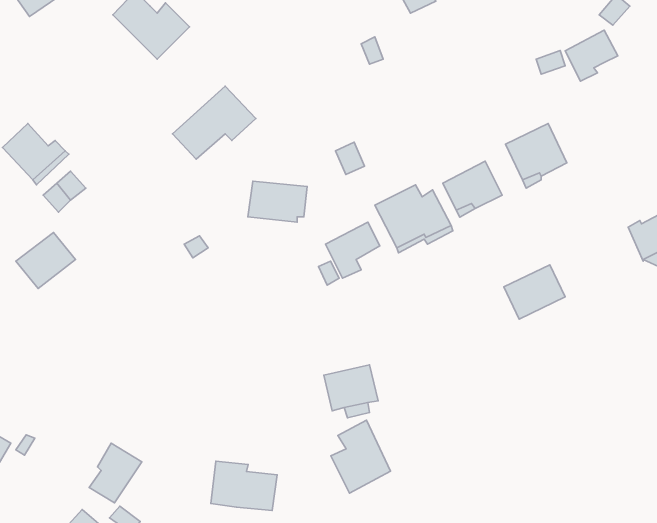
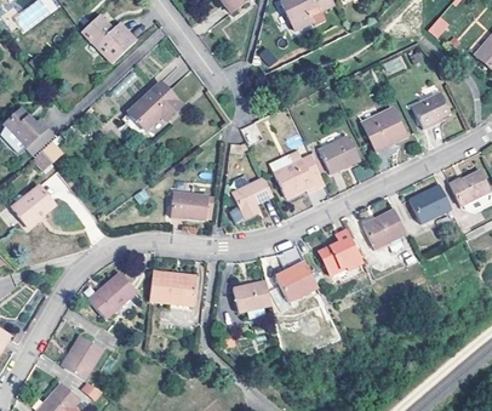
building: [565,30,618,81] -> [411,92,448,129]
building: [248,181,307,222] -> [170,190,212,219]
building: none -> [407,182,450,222]
building: none -> [320,228,362,273]
building: none -> [90,272,137,316]
building: [331,420,390,493] -> [275,249,317,301]
building: [211,461,277,510] -> [150,268,198,303]

